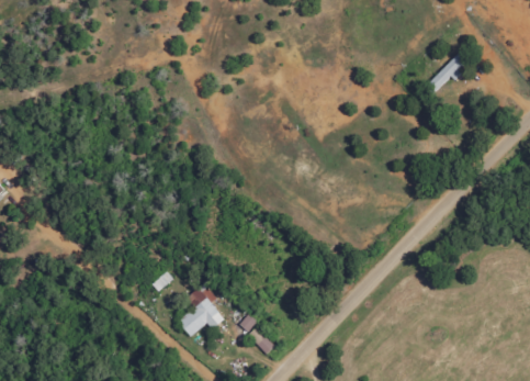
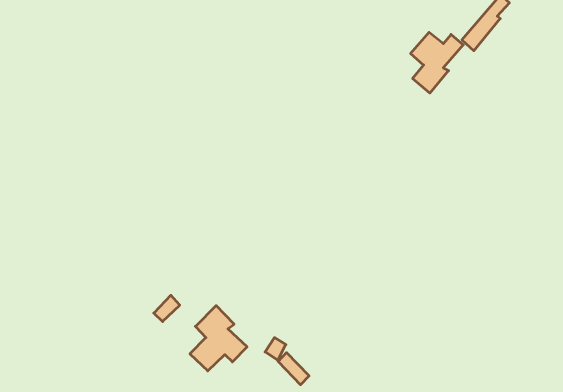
building: none -> [411,32,463,93]

